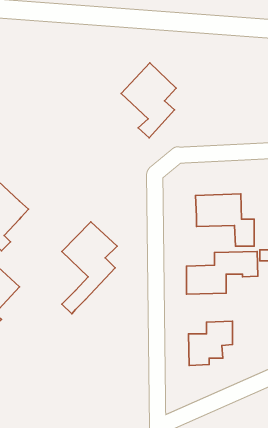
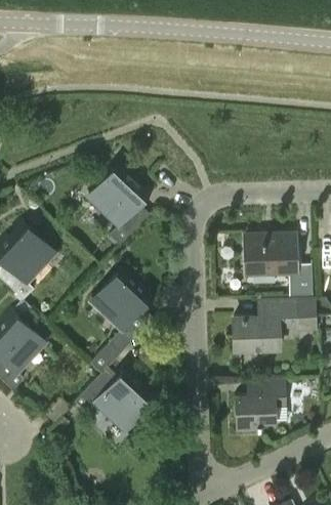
building: [121,63,176,138] -> [88,162,151,247]
building: none -> [74,368,158,431]

